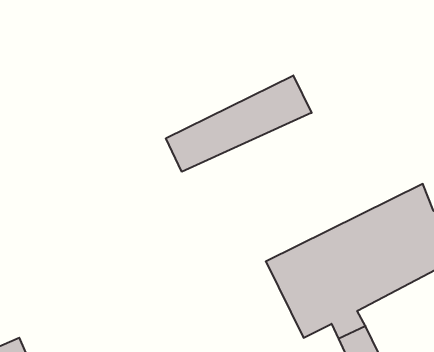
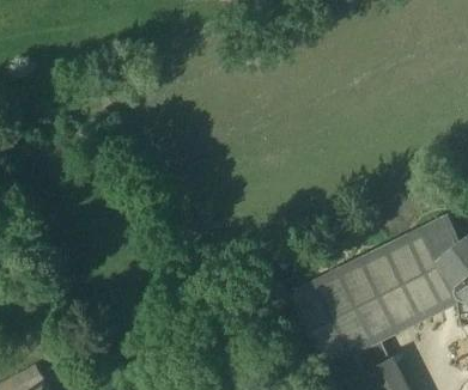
building: [166,75,312,172] -> none

